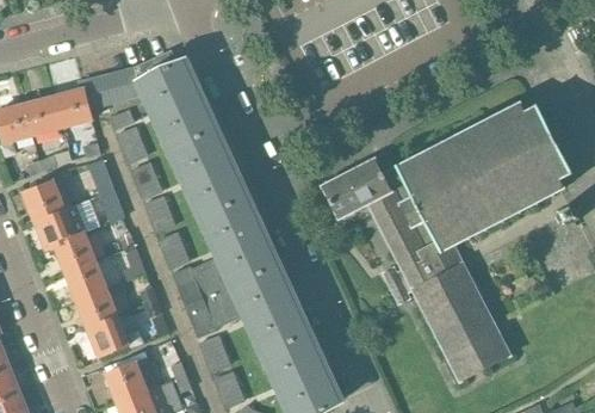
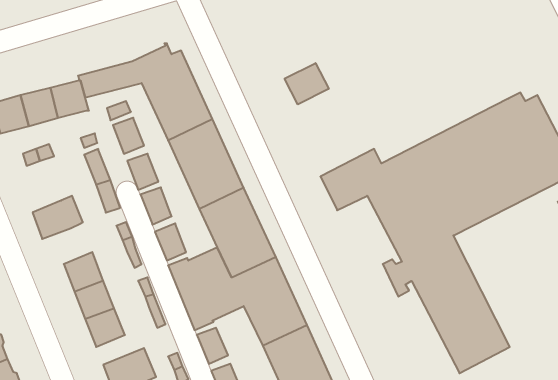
building: none -> [285,63,329,104]
building: [24,181,64,222] -> none
building: [45,233,95,273] -> none

